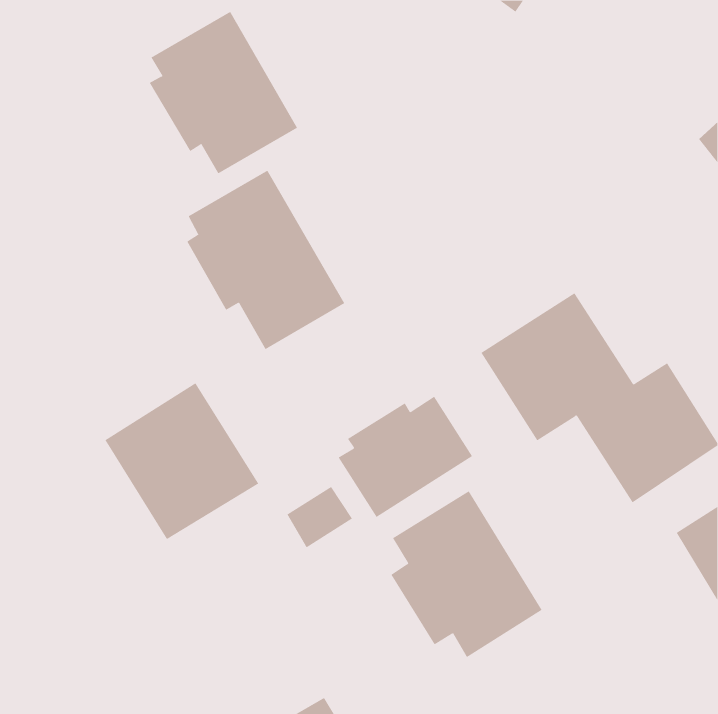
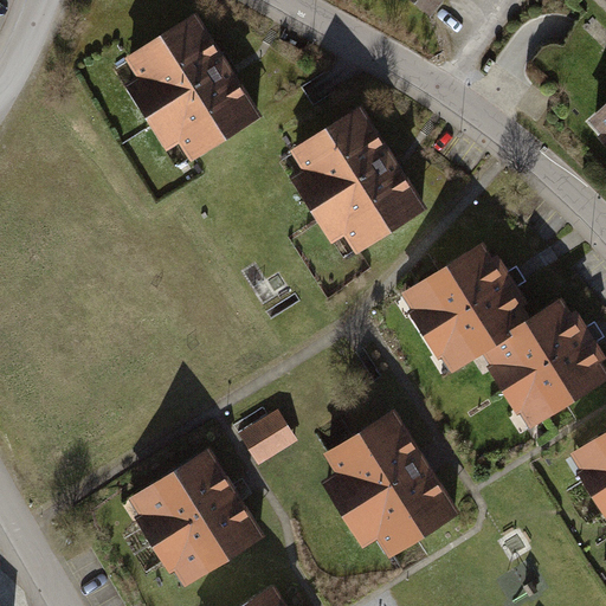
building: [186,170,345,350] -> [283,89,417,240]
building: [105,382,259,540] -> [131,453,262,586]
building: [338,396,473,518] -> none

